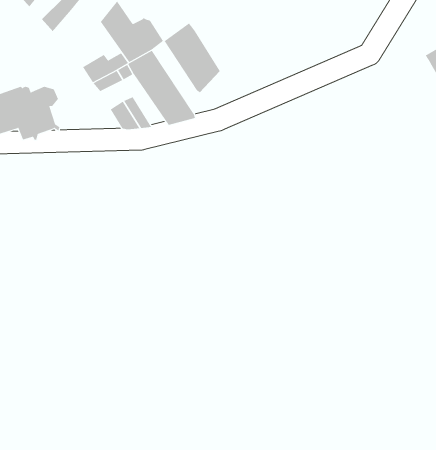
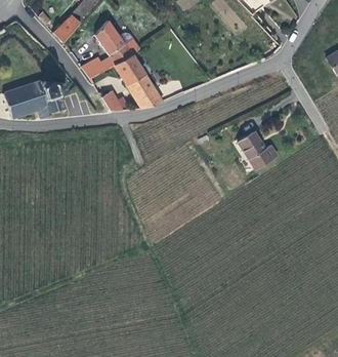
building: [164,23,220,93] -> none
building: none -> [238,132,276,169]

